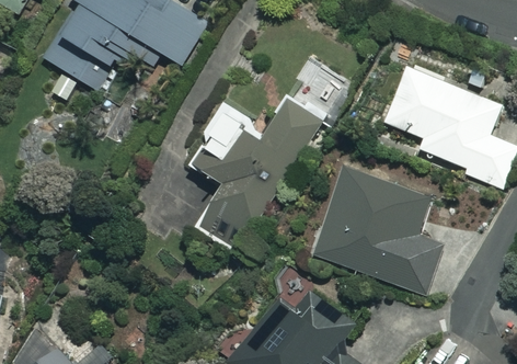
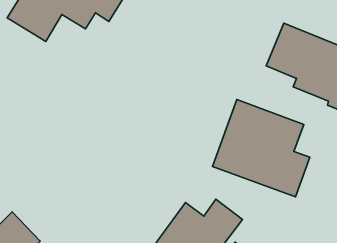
building: [192,100,319,238] -> none

